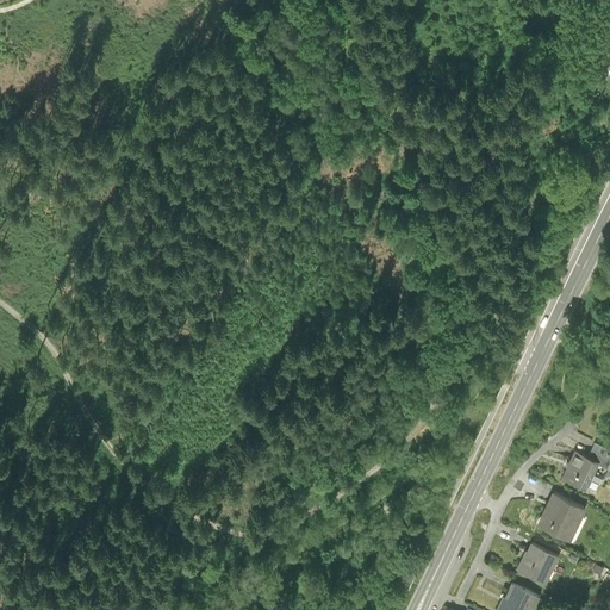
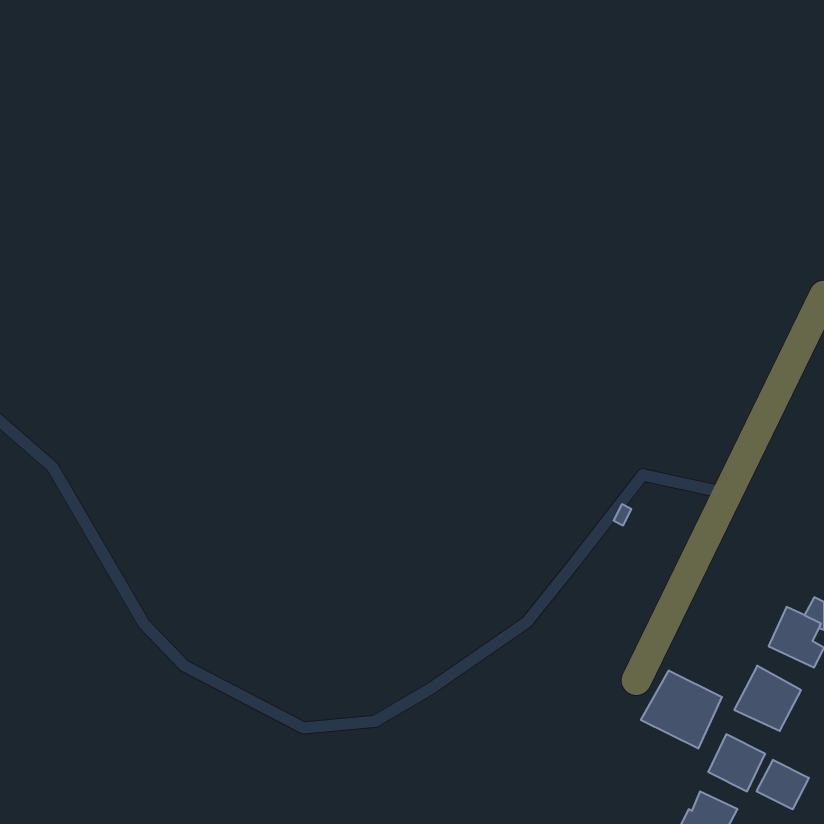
building: none -> [641,670,722,749]
building: none -> [757,760,809,809]

